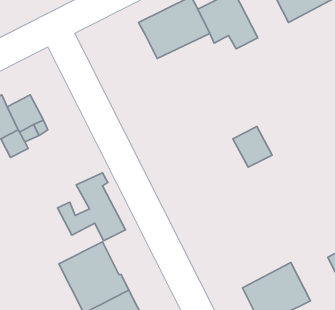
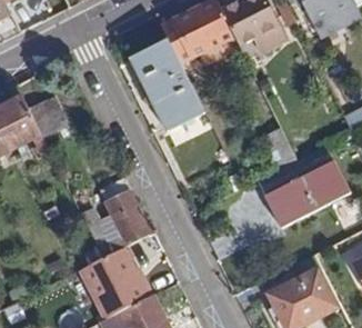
building: none -> [130,37,205,130]
building: none -> [264,160,349,227]

